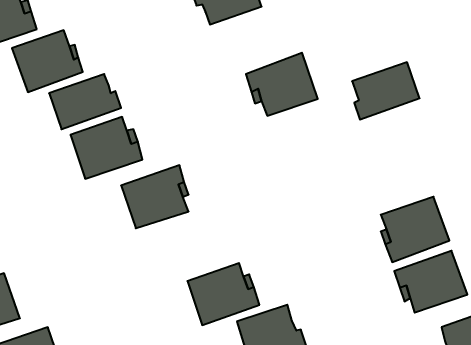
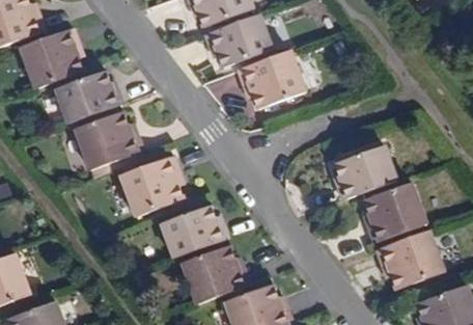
building: none -> [206,13,272,65]
building: [352,62,420,120] -> [333,147,395,200]
building: none -> [164,205,229,255]

